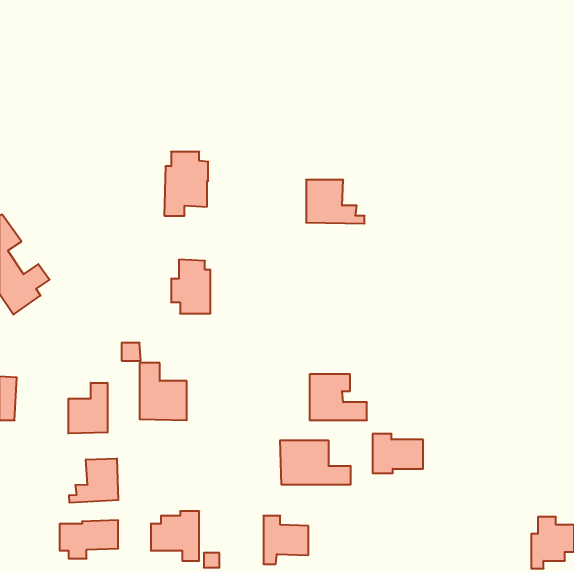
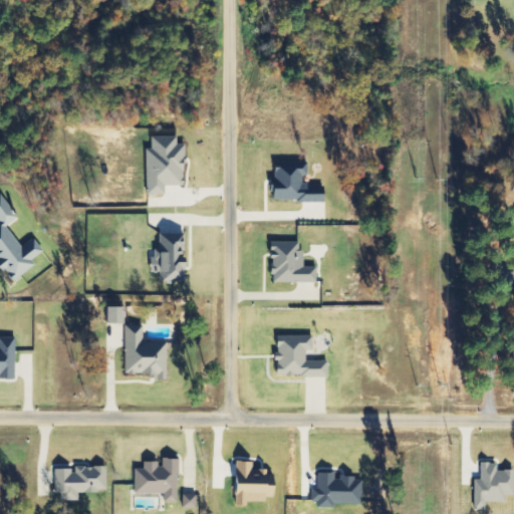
building: none -> [271,240,316,281]
building: [68,383,107,434] -> none
building: [373,434,423,473] -> [317,472,362,507]
building: [280,440,350,485] -> none
building: [69,458,118,503] -> none

